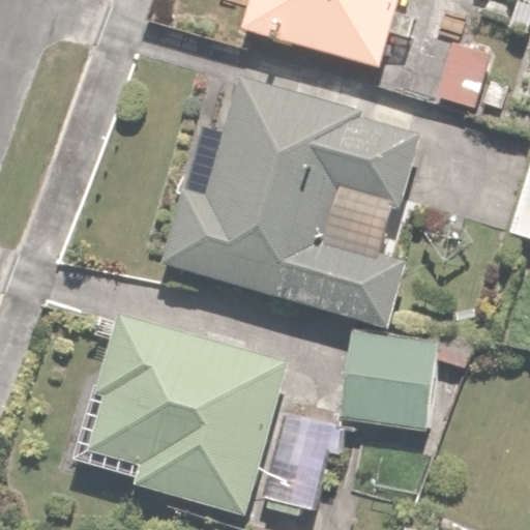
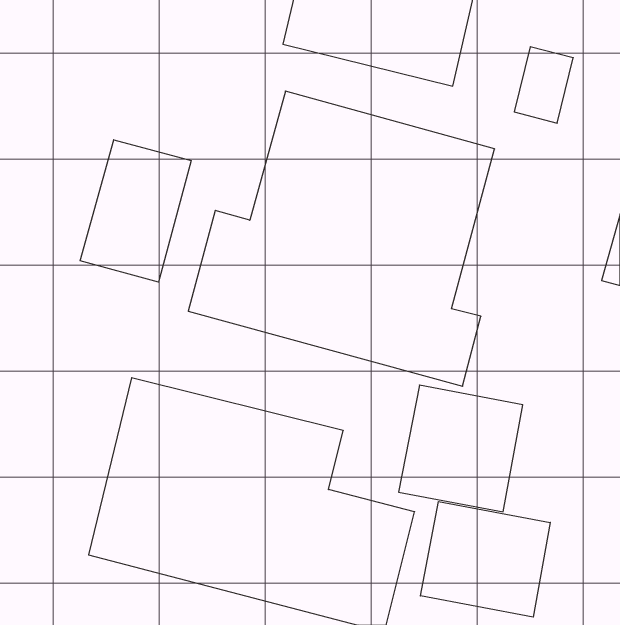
building: none -> [80,140,191,282]
building: none -> [420,502,550,617]

